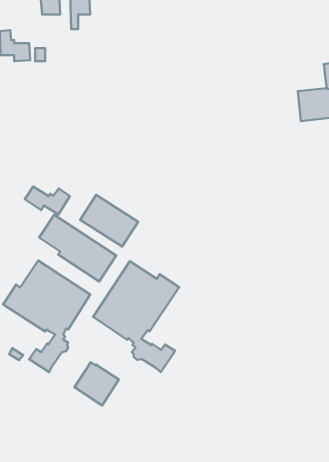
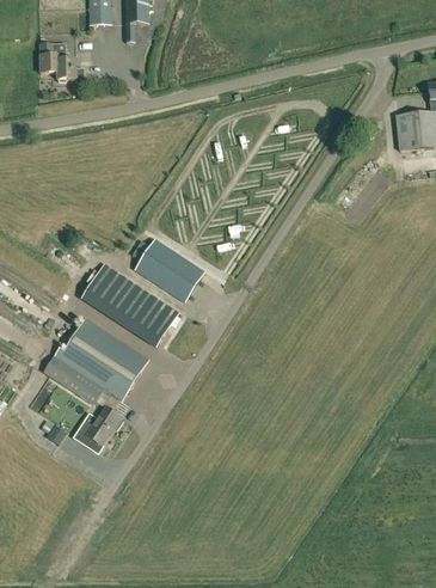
building: [25,187,70,214] -> none
building: [93,261,179,372] -> none
building: [75,362,119,406] -> none

